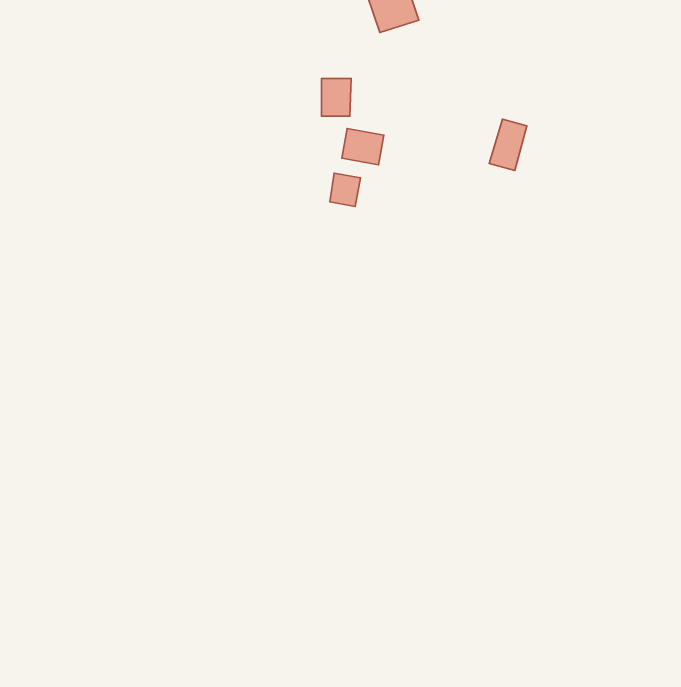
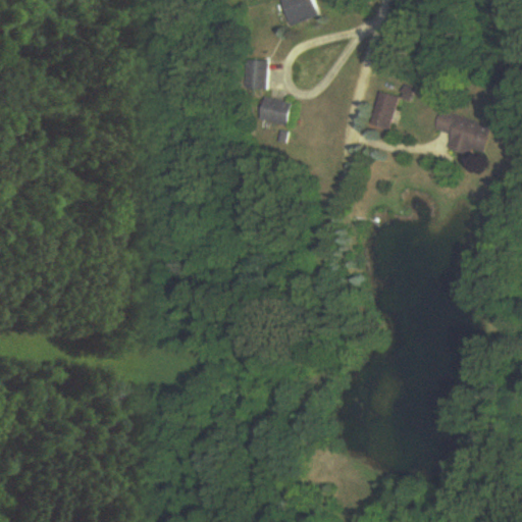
building: none -> [433,109,490,157]
building: [330,173,361,206] -> none

